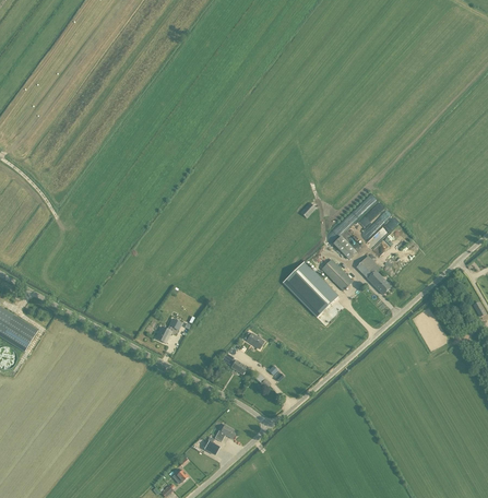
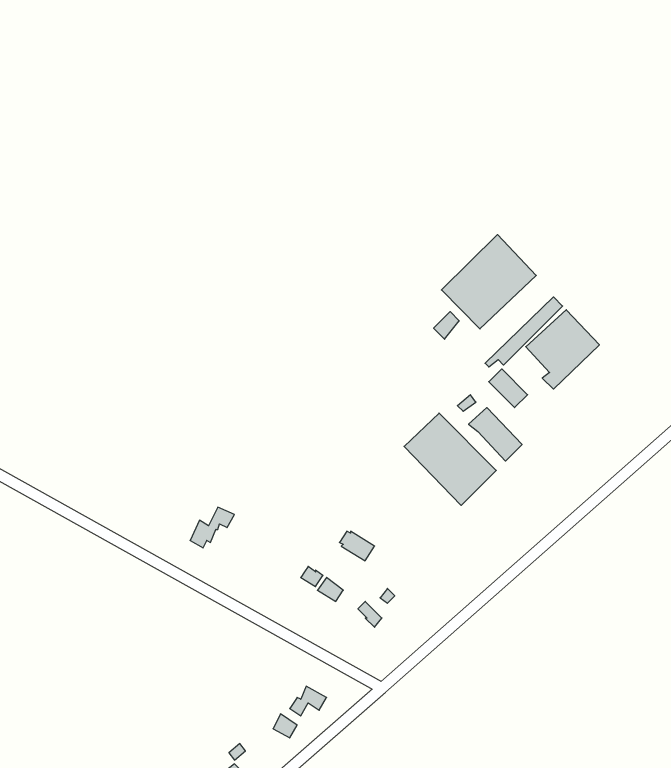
building: none -> [441,235,536,329]
building: [356,256,391,294] -> none

